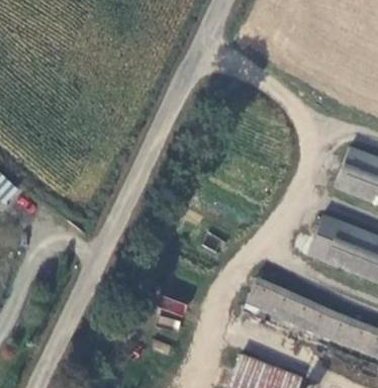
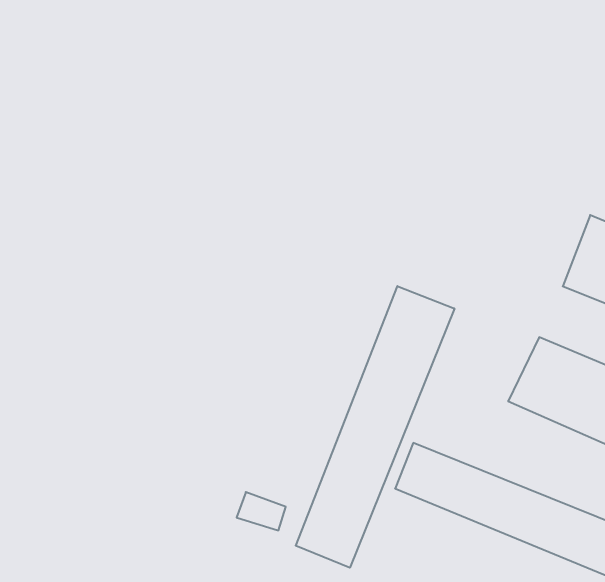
building: none -> [296,286,454,568]

